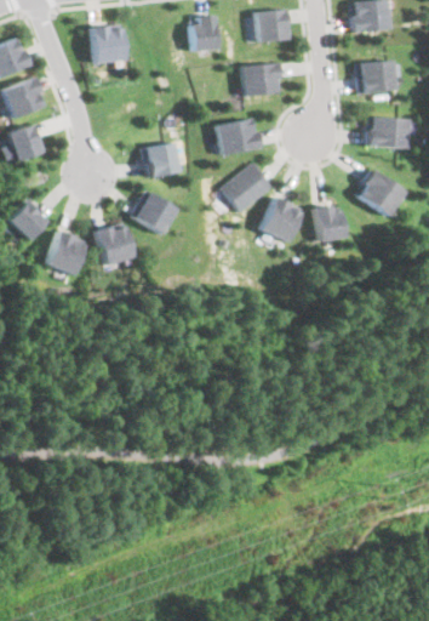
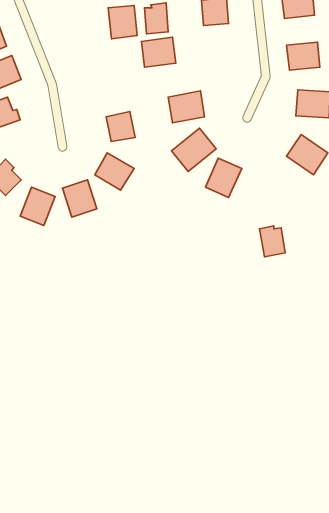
building: [92,24,126,63] -> [108,6,137,39]
building: [242,62,282,97] -> [142,37,176,67]
building: [315,205,345,241] -> [259,226,285,257]

